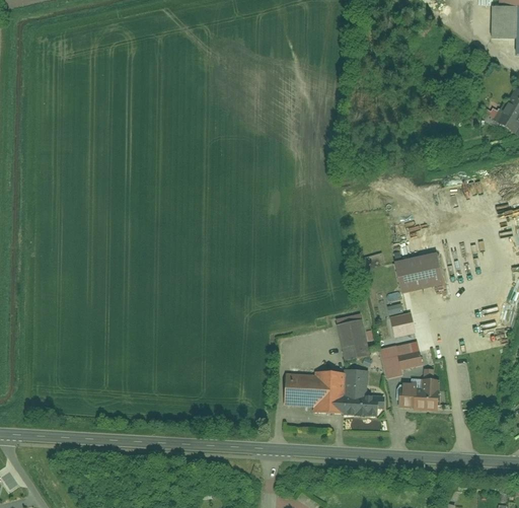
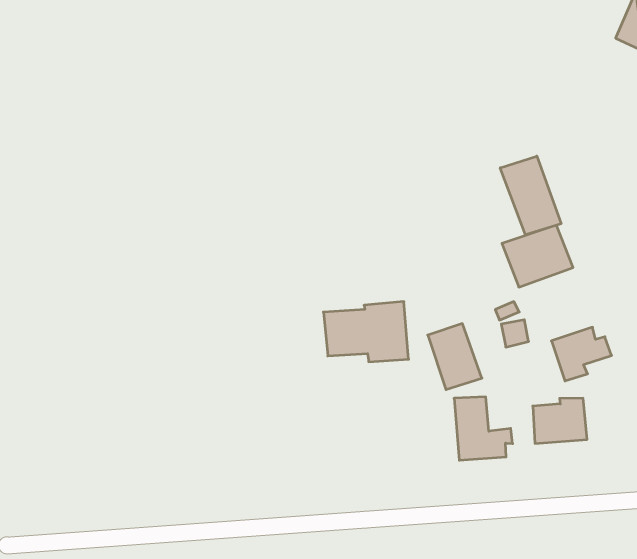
building: none -> [500,156,561,235]
building: [379,343,422,379] -> [551,327,612,381]
building: [286,370,347,414] -> [323,302,409,362]

